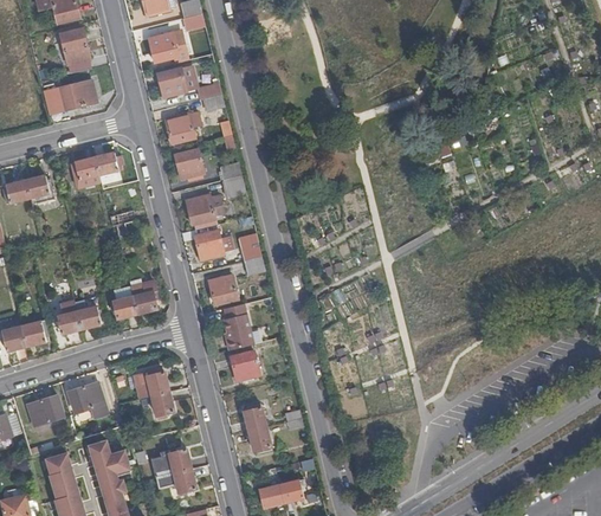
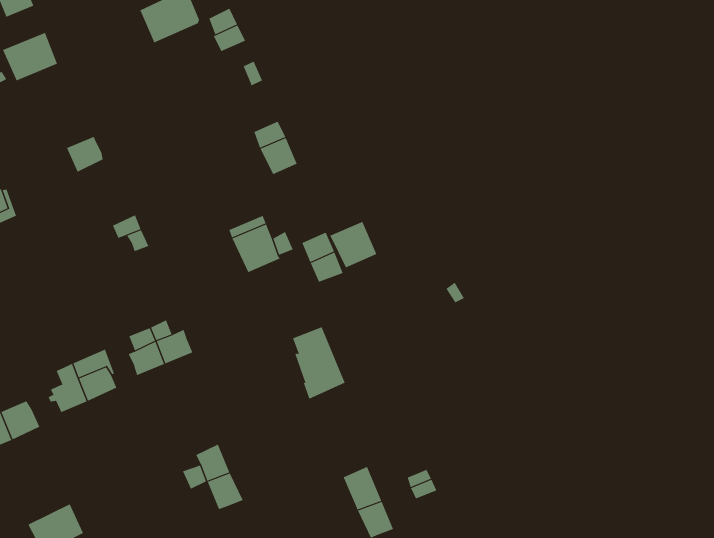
building: [166,111,202,142] -> none
building: [174,149,203,179] -> none
building: [72,157,99,187] -> none
building: [186,194,224,224] -> none
building: [208,275,238,304] -> [330,221,377,268]
building: [231,351,260,381] -> none
building: [70,382,108,418] -> none

